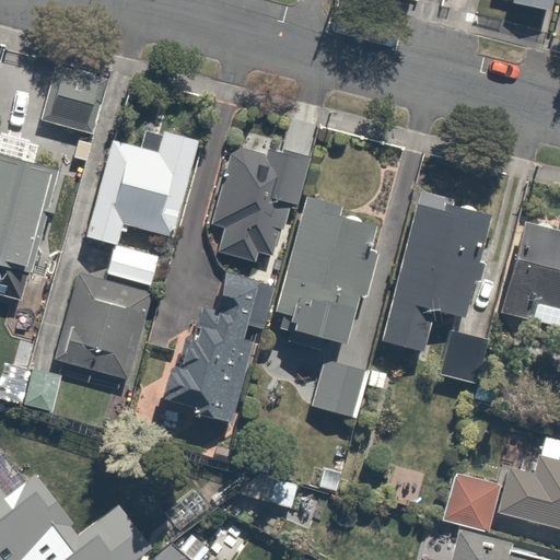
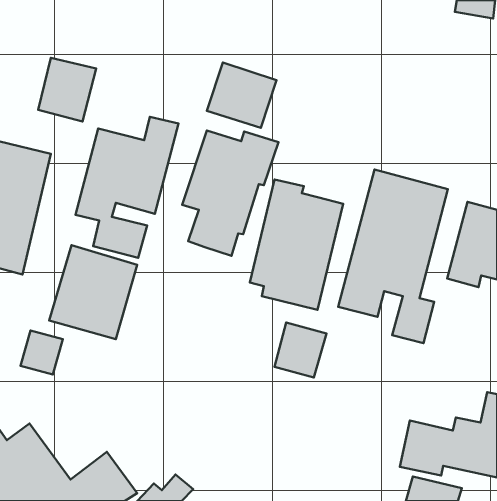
building: none -> [207,62,276,128]
building: [166,276,275,425] -> none

